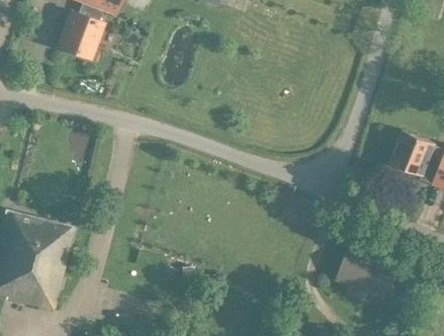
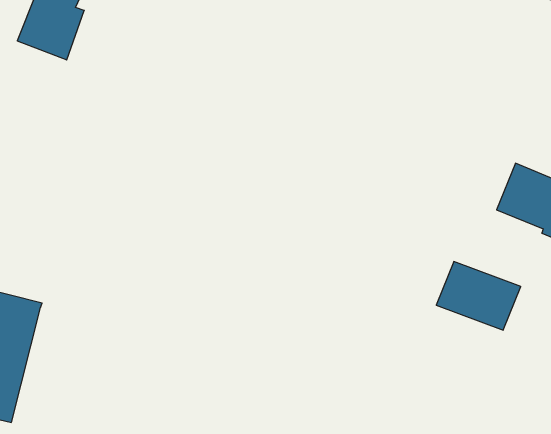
building: [338,249,396,297] -> [436,262,521,330]

